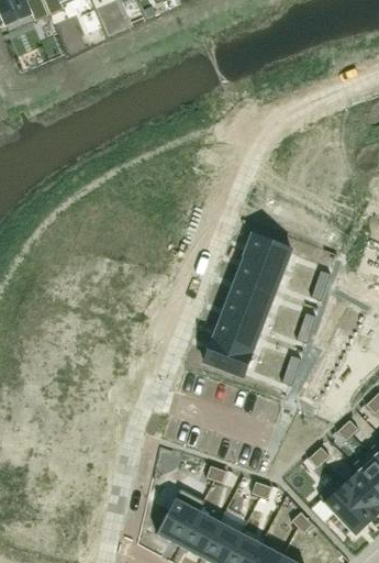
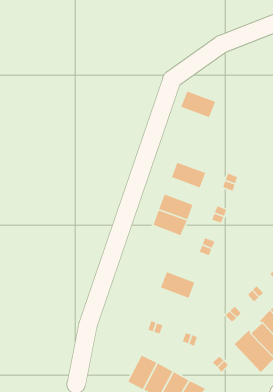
building: [245,234,292,271] -> [180,91,216,118]
building: [228,277,276,312] -> none
building: [204,340,250,376] -> [160,271,195,299]
building: [157,488,205,545] -> none

